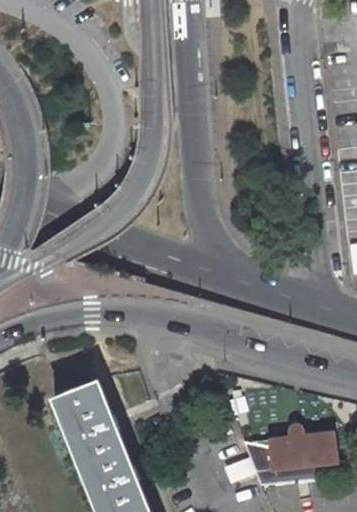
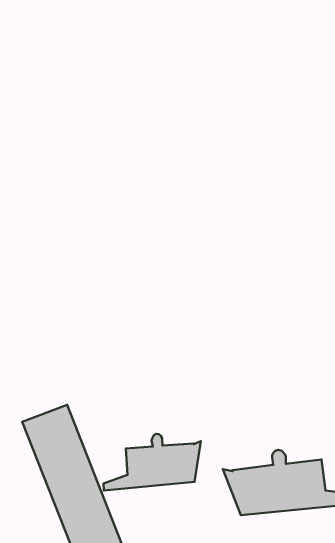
building: none -> [103,434,201,491]

